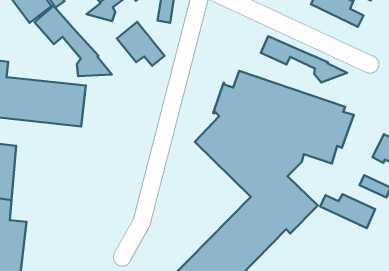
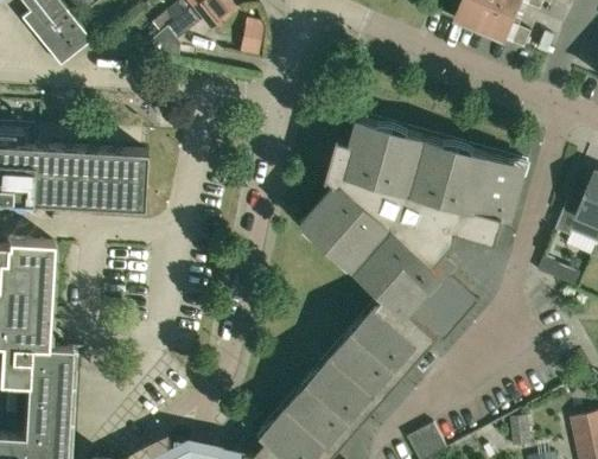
building: [35,6,112,76] -> none
building: [117,22,164,66] -> none
building: [261,36,347,82] -> none
building: [320,194,375,228] -> none

